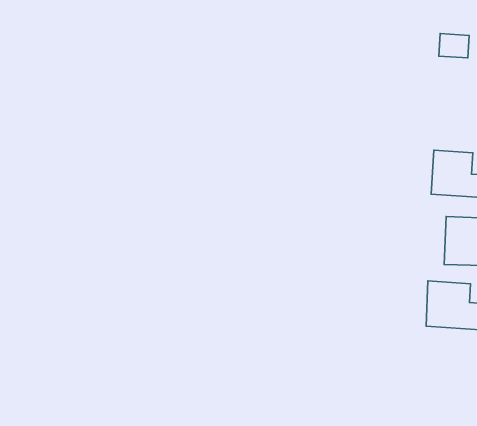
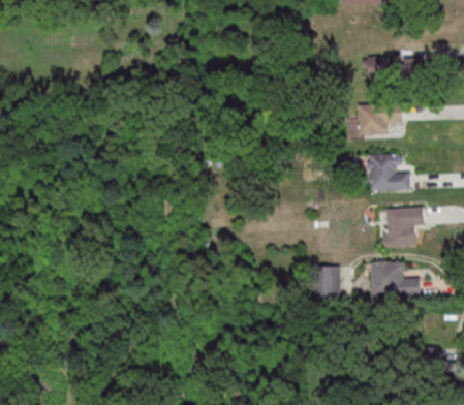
building: none -> [357,107,390,134]
building: none -> [316,266,339,298]

